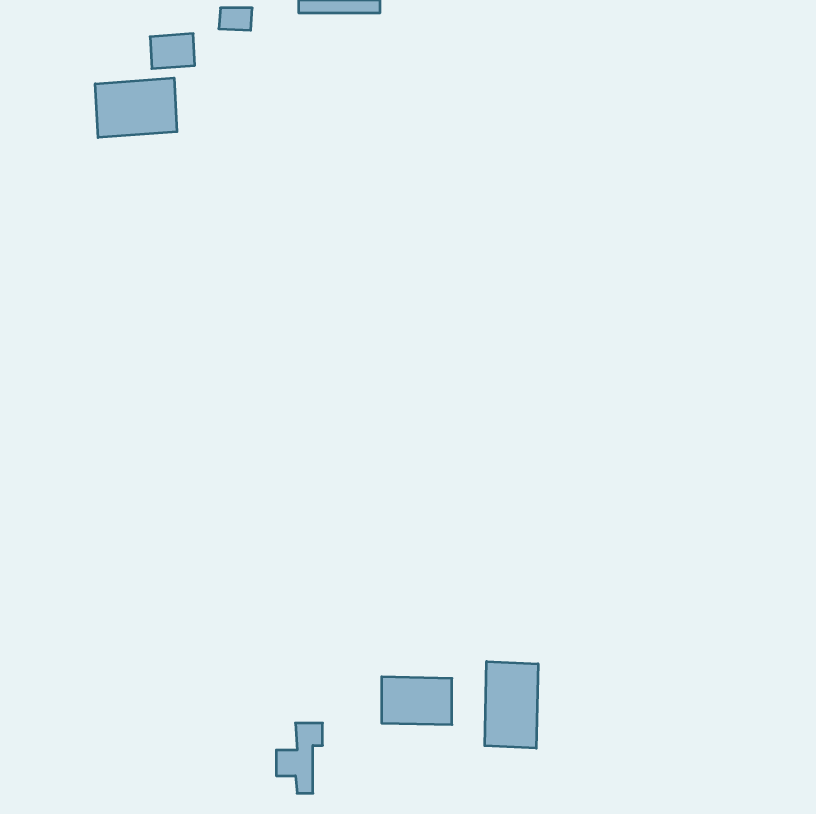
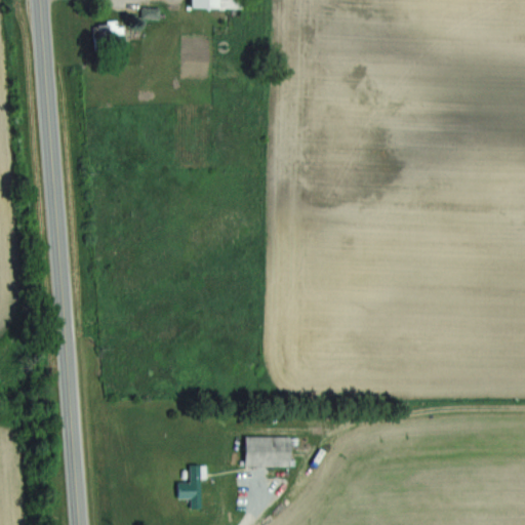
building: [95,78,177,138] -> none
building: [485,661,538,748] -> none

